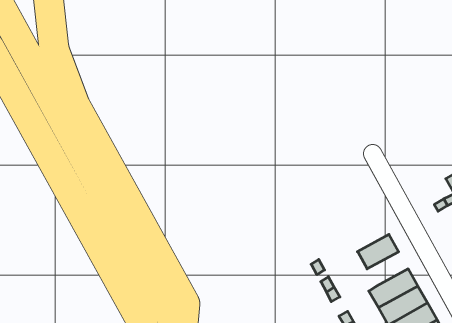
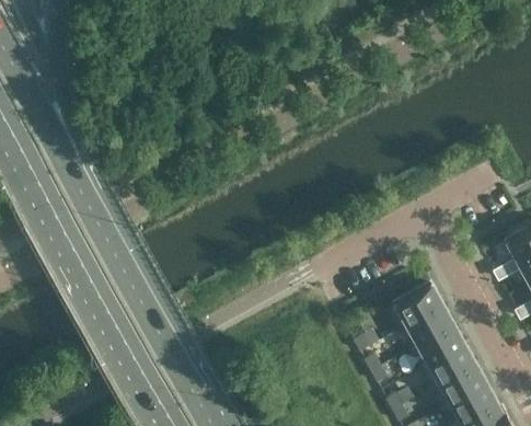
building: none -> [388,284,443,331]
building: none -> [408,324,465,369]

